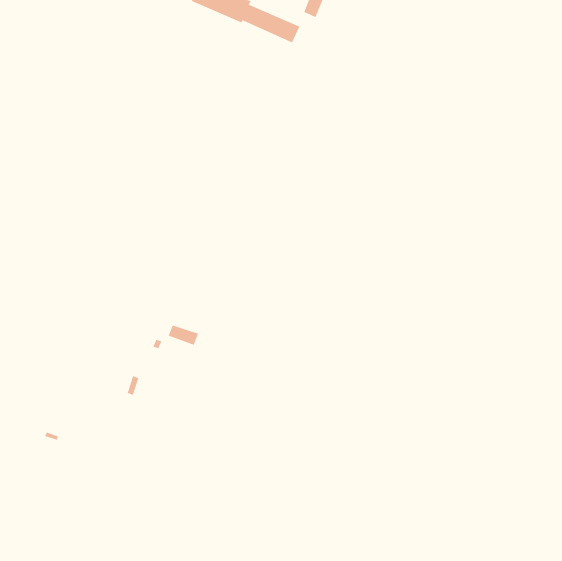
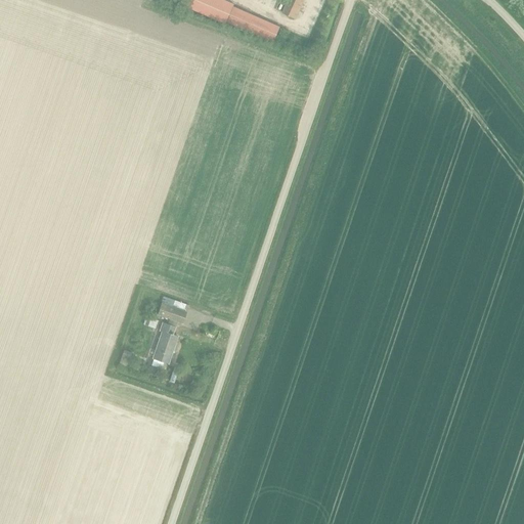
building: none -> [151,320,175,361]

